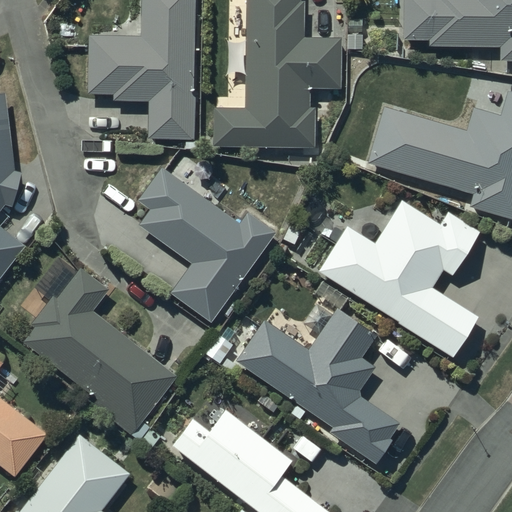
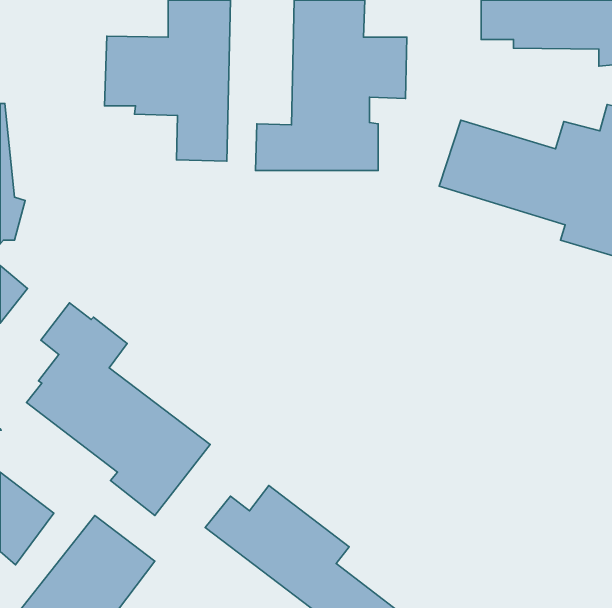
building: [137,172,274,324] -> none
building: [316,201,476,354] -> none
building: [236,307,398,463] -> none

